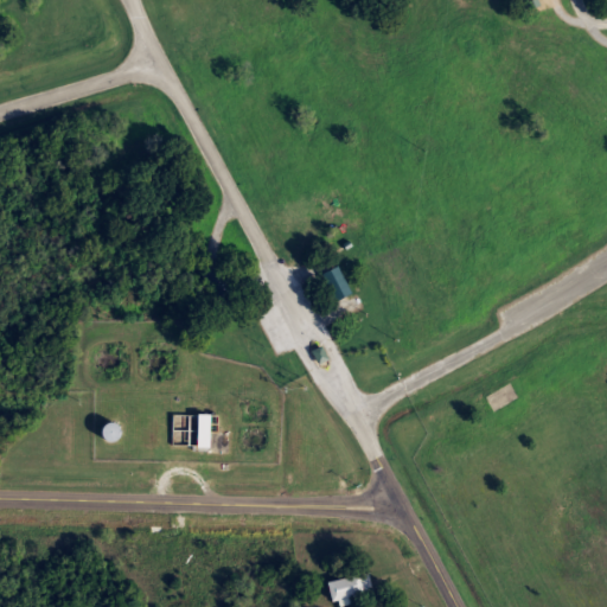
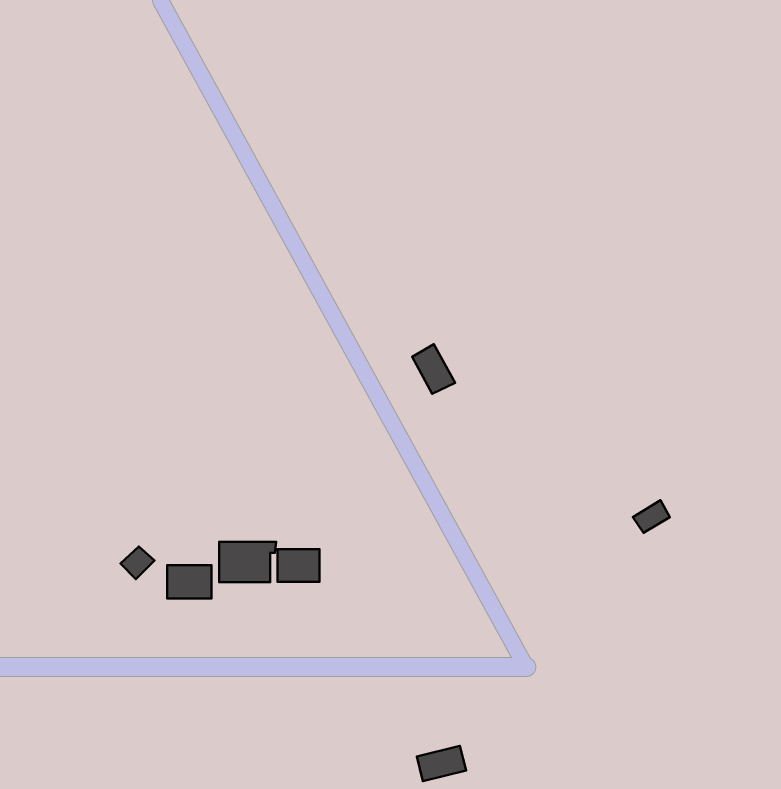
building: none -> [277,549,320,582]
building: none -> [167,565,211,598]

